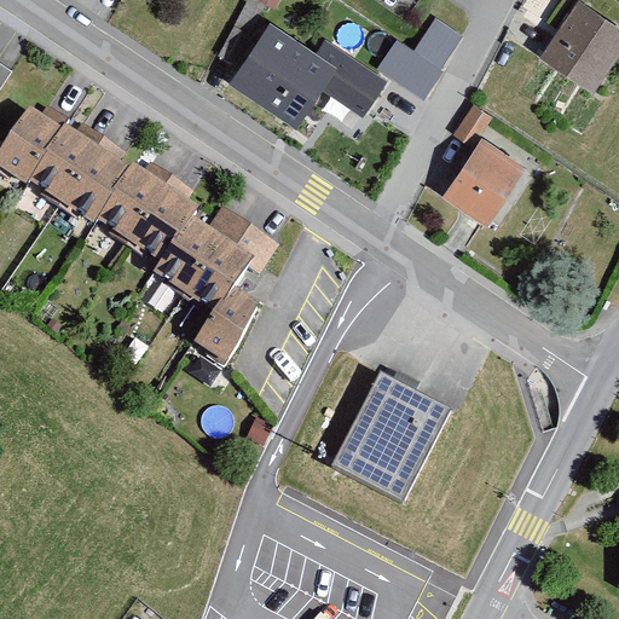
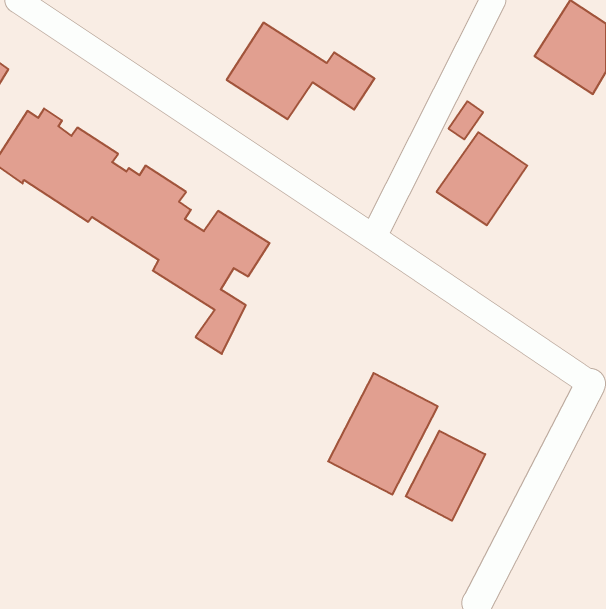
building: [376,15,463,97] -> none
building: none -> [406,431,485,521]

